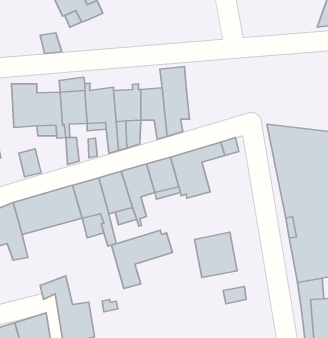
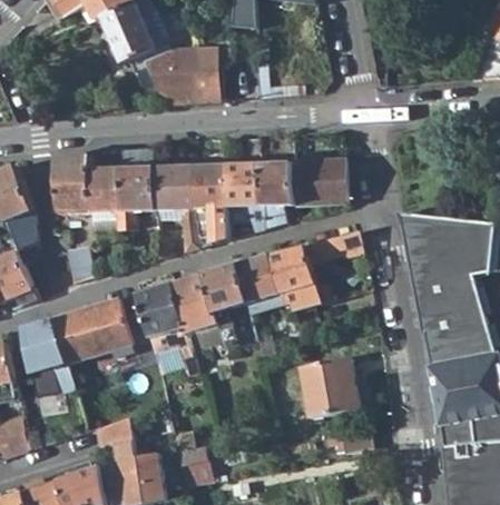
building: none -> [155,50,219,107]
building: none -> [290,158,345,204]
building: [111,230,173,289] -> none

